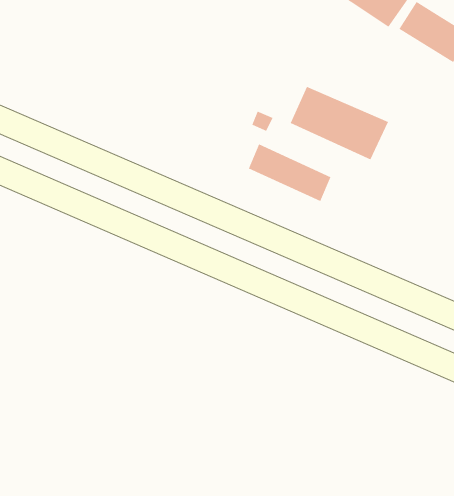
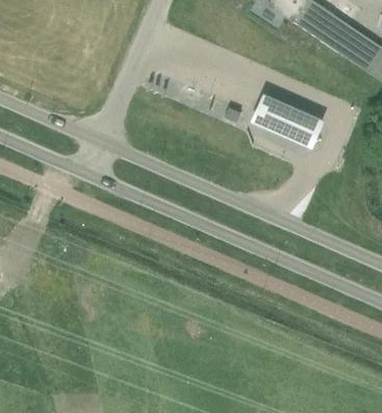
building: [248,144,331,202] -> none

